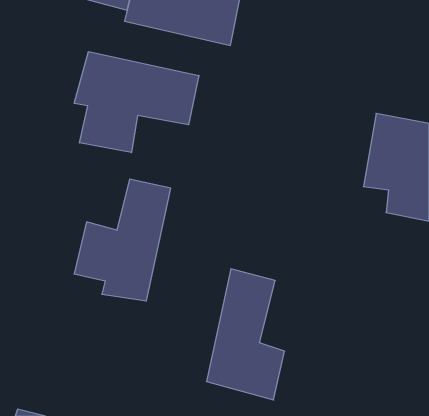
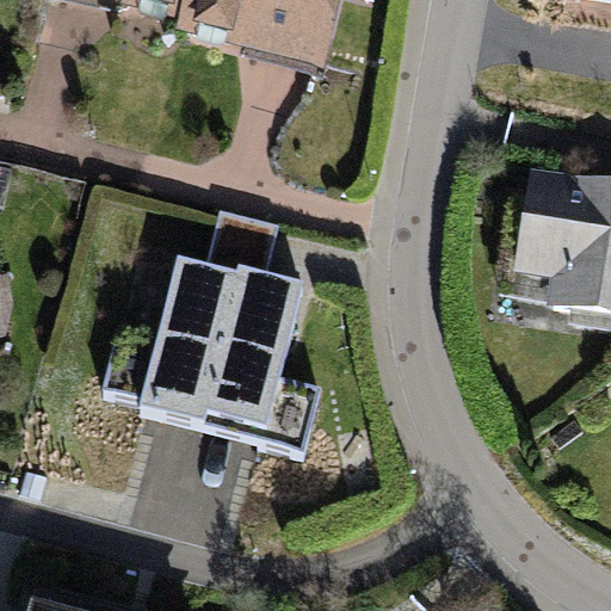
building: [74,52,199,153] -> none
building: [206,269,285,400] -> [208,267,319,453]

